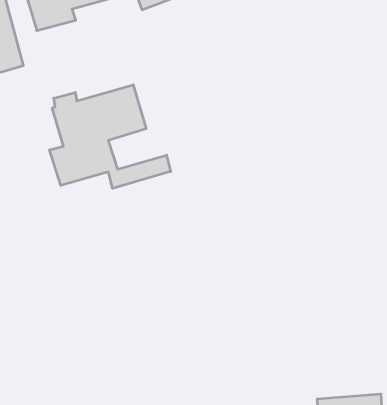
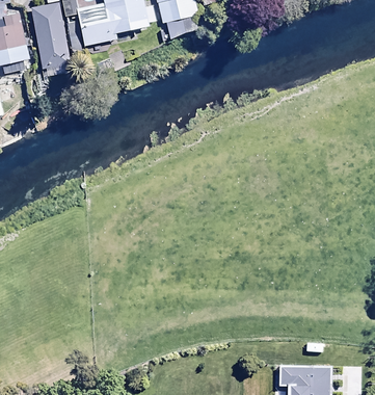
building: [49,85,171,188] -> none

